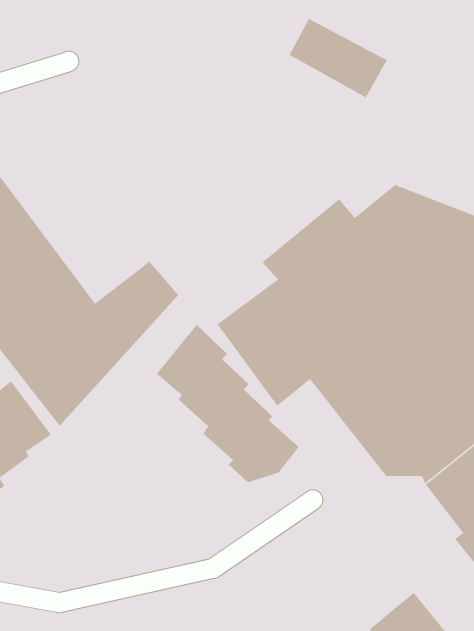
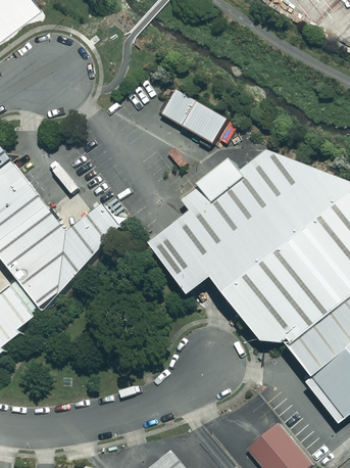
building: [288,18,388,99] -> [160,90,226,143]
building: [156,324,299,483] -> none

